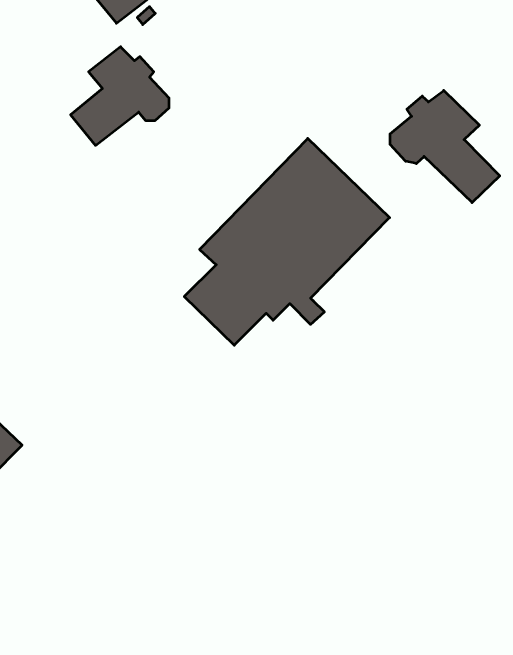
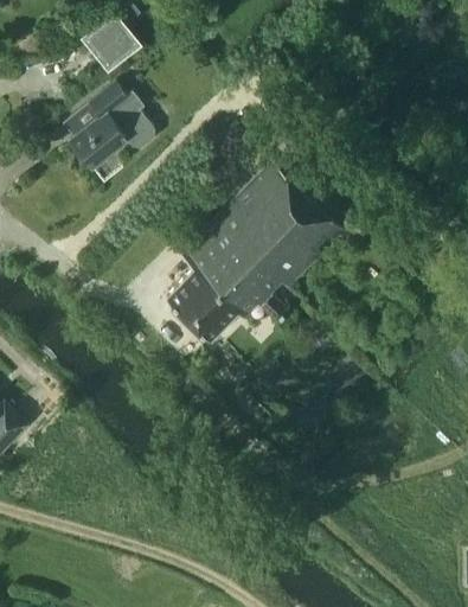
building: [390,90,500,203] -> none

